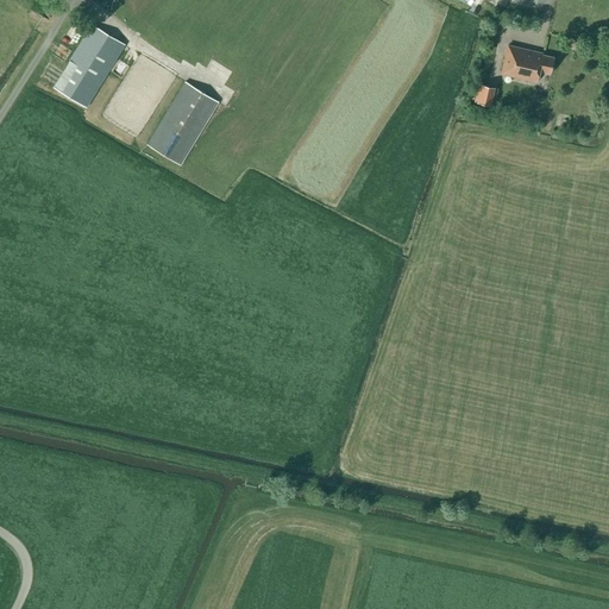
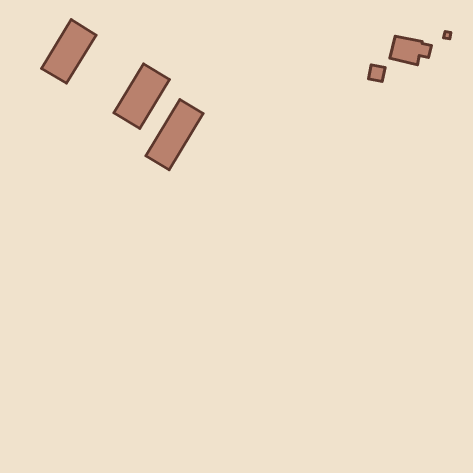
building: none -> [146,100,203,170]

